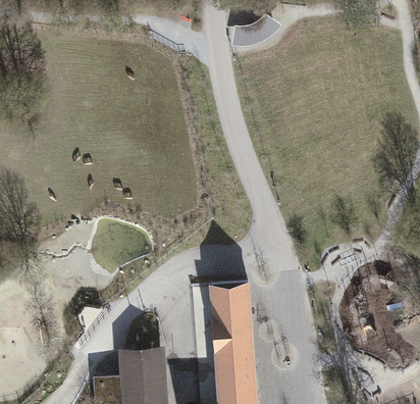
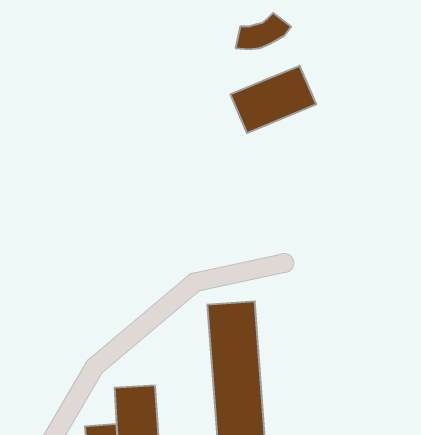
building: none -> [231,66,316,133]

